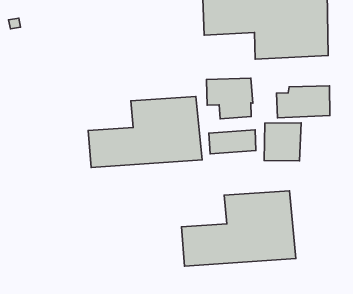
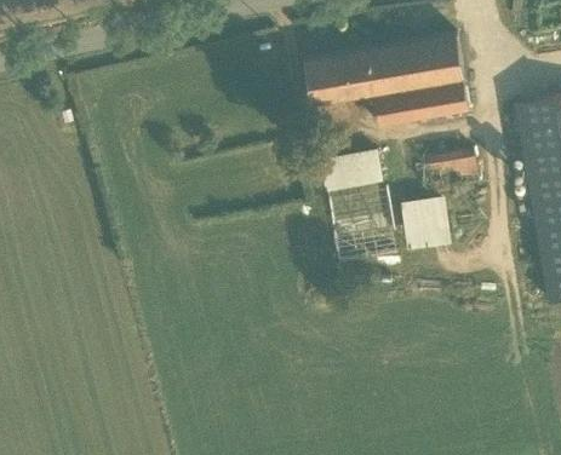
building: [88,96,202,167] -> none
building: [182,191,296,266] -> none

